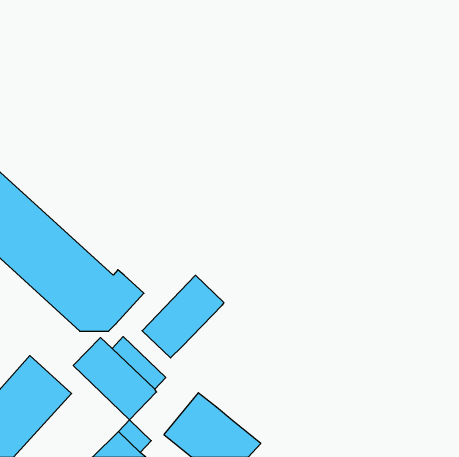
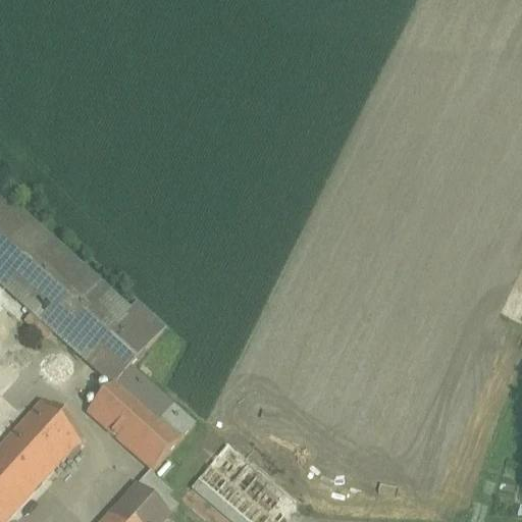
building: [142,275,224,358] -> none

